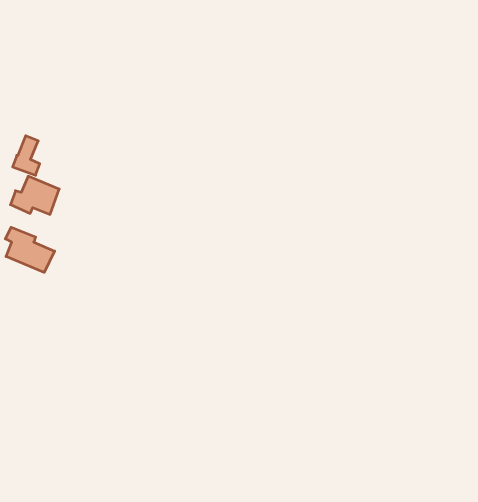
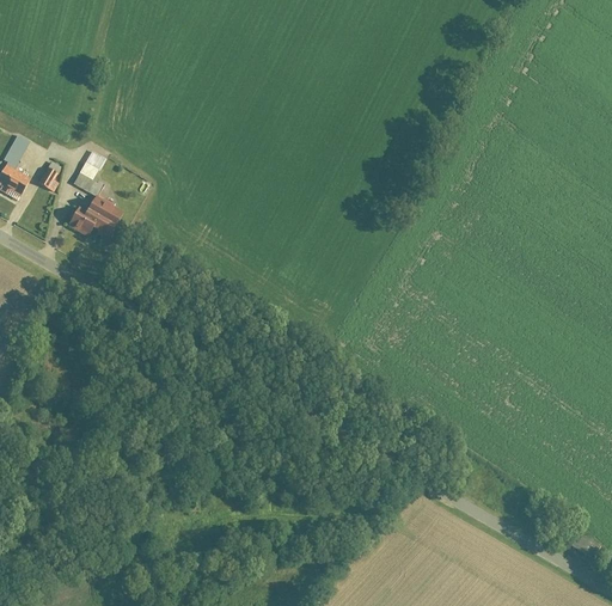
building: [5,227,55,272] -> none

